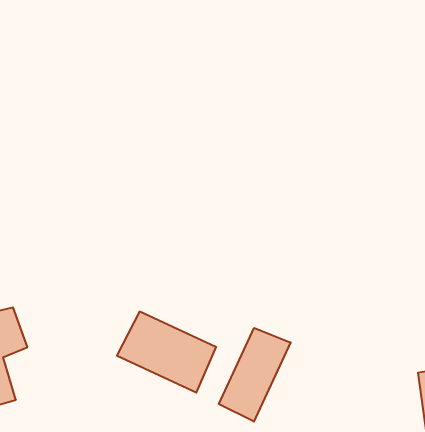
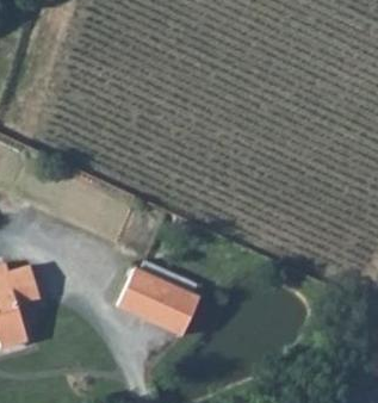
building: [219,328,291,422] -> none

